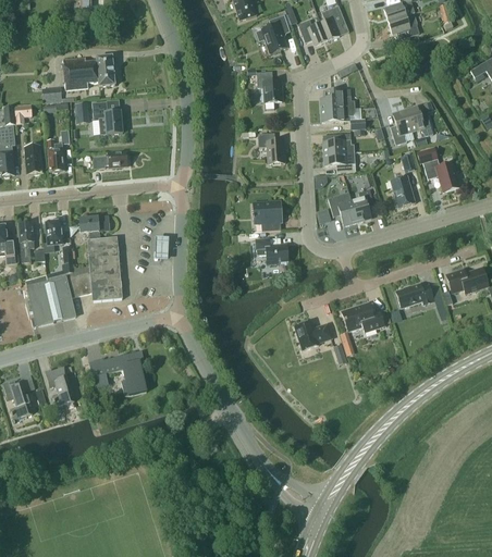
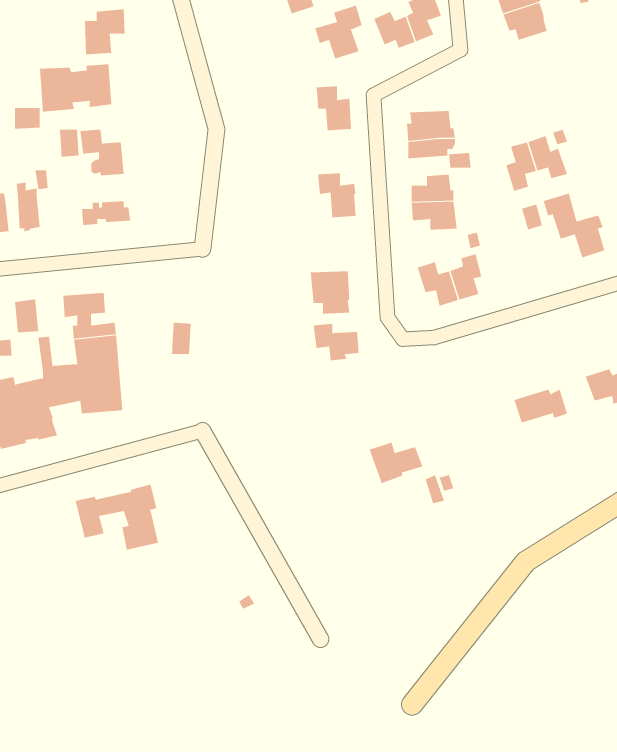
building: none -> [84,8,125,55]
building: [390,175,415,207] -> none
building: [341,301,384,332] -> none
building: [45,368,74,406] -> none

